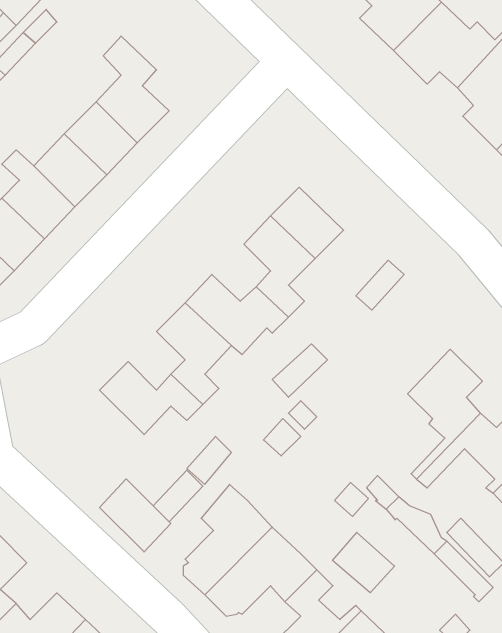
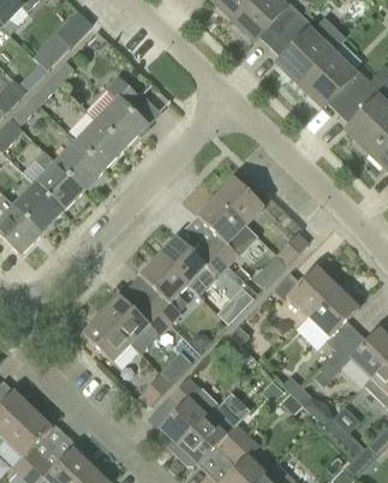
building: none -> [270,267,338,317]
building: [100,479,171,552] -> [83,315,131,364]
building: [333,532,395,593] -> none

